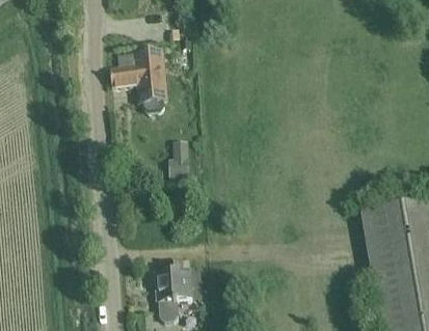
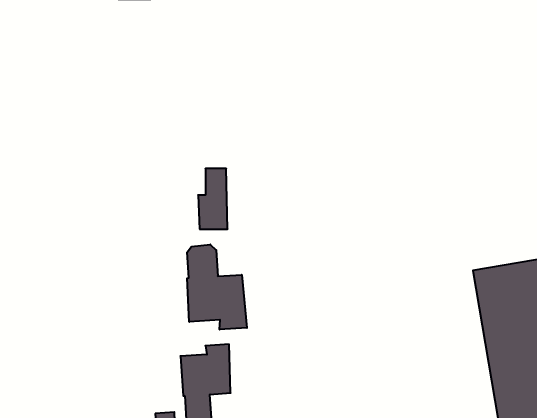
building: [109,49,167,112] -> none
building: none -> [187,244,247,330]

